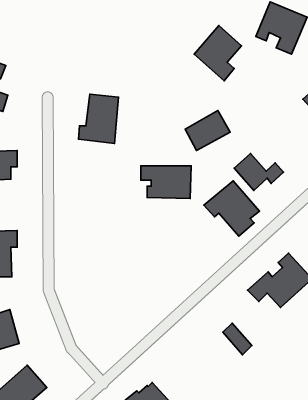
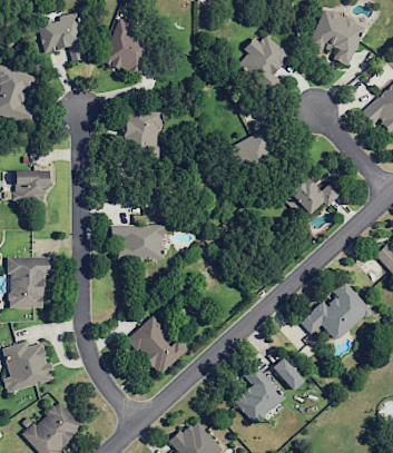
building: none -> [37,11,87,60]
building: none -> [104,18,150,75]
building: [141,166,191,199] -> [110,224,165,259]
building: [204,181,260,236] -> none
building: none -> [126,315,187,374]
building: none -> [233,362,284,423]

